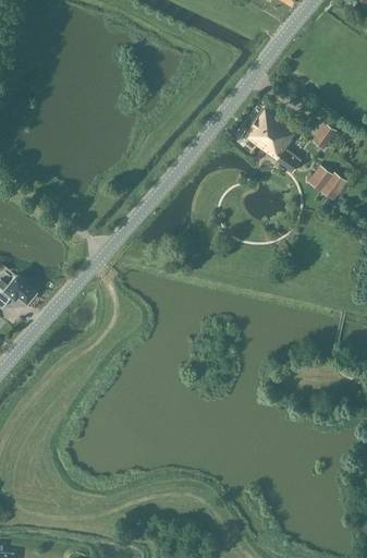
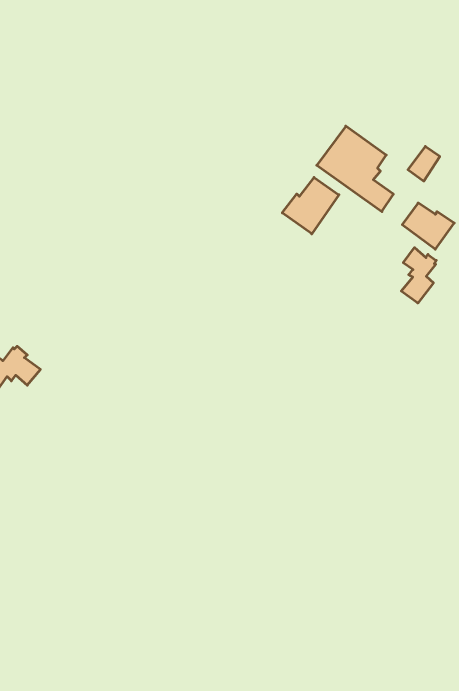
building: none -> [282,177,339,234]
building: none -> [401,248,436,303]

